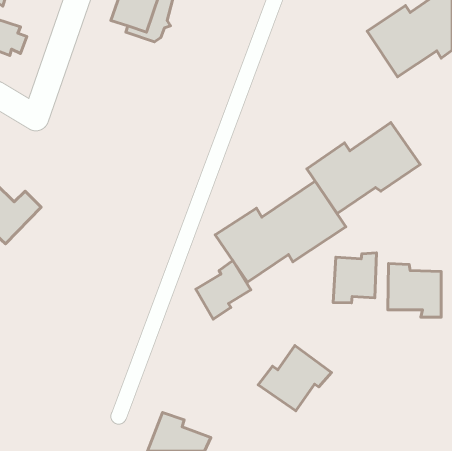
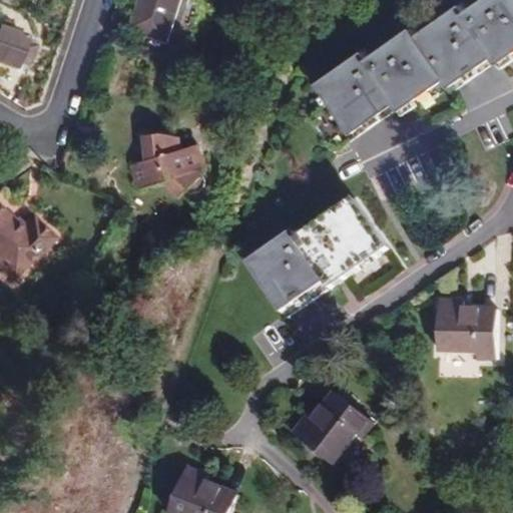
building: none -> [127,129,201,192]
building: [307,122,420,213] -> [314,32,441,134]
building: [333,253,377,303] -> none
building: [196,260,251,319] -> none

